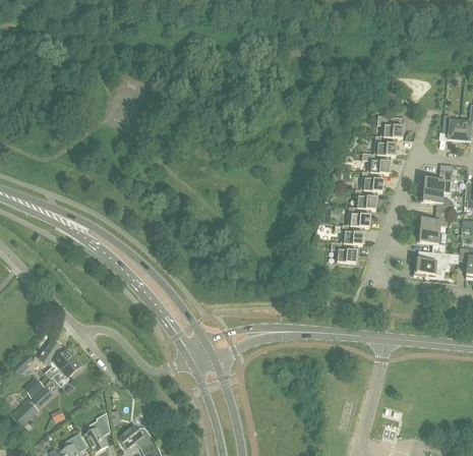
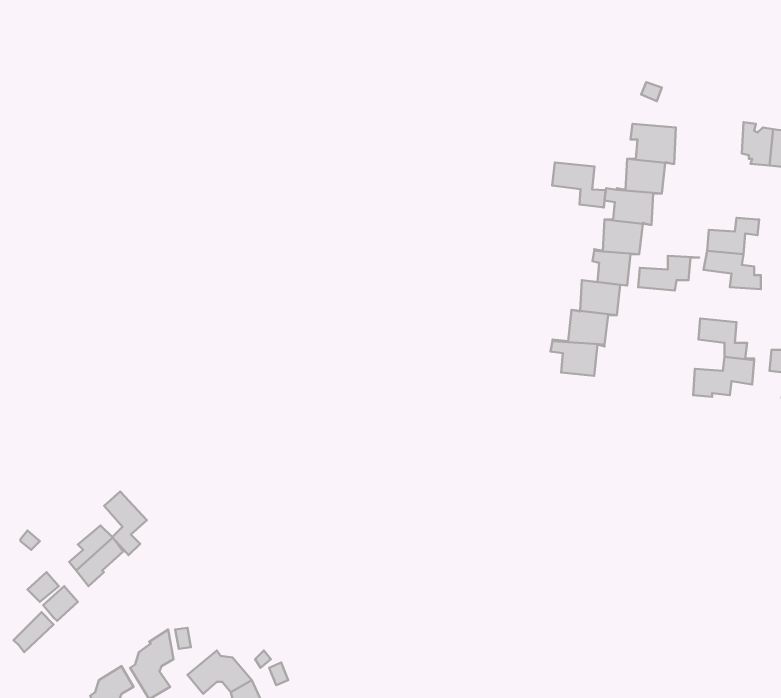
building: none -> [552,162,605,207]
building: [418,211,454,231] -> [638,256,699,290]
building: none -> [104,491,147,555]

